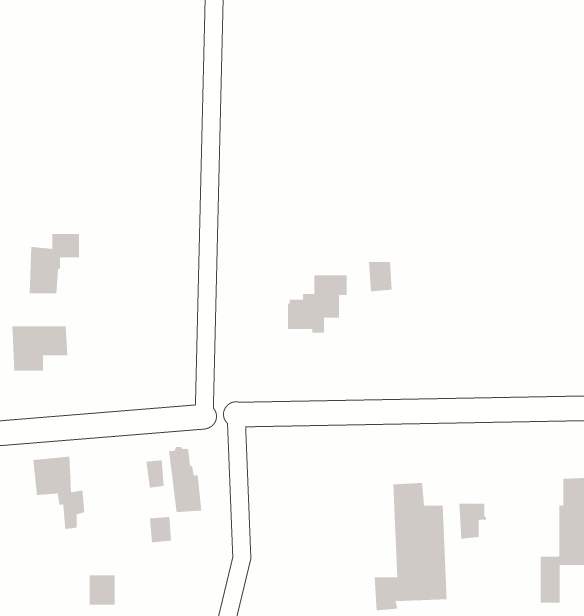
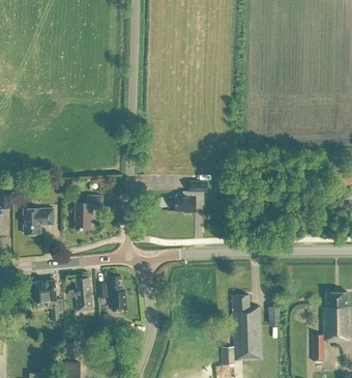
building: [29,233,80,294] -> [75,195,102,228]
building: none -> [68,278,93,311]

